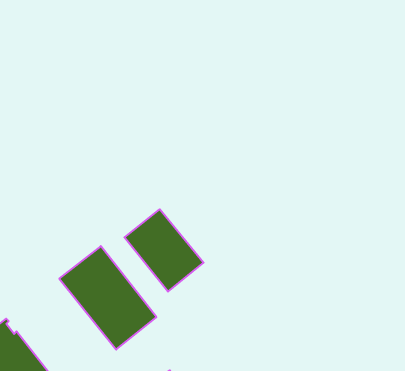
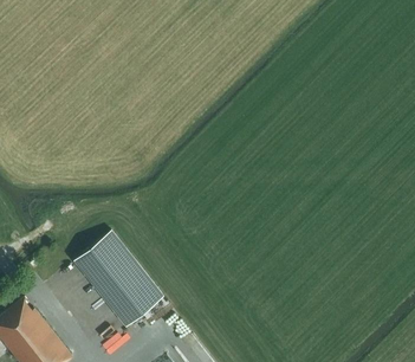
building: [124,209,204,292] -> none

